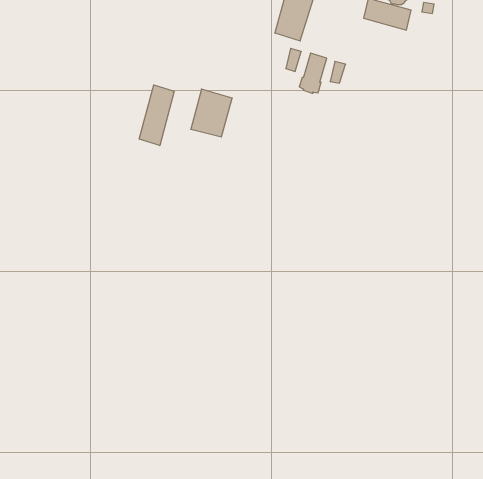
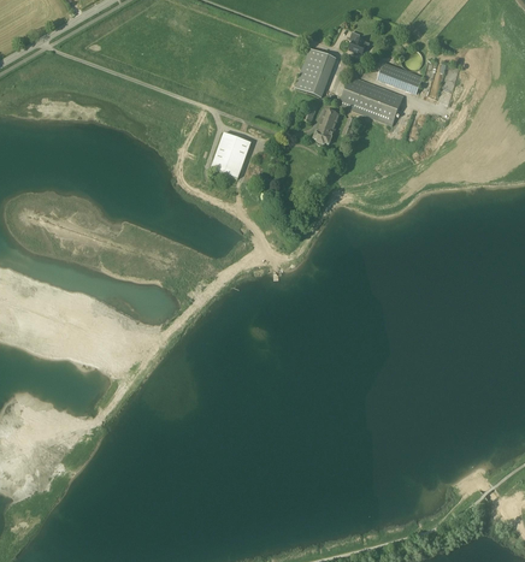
building: none -> [341,75,405,124]
building: [139,85,174,146] -> none

